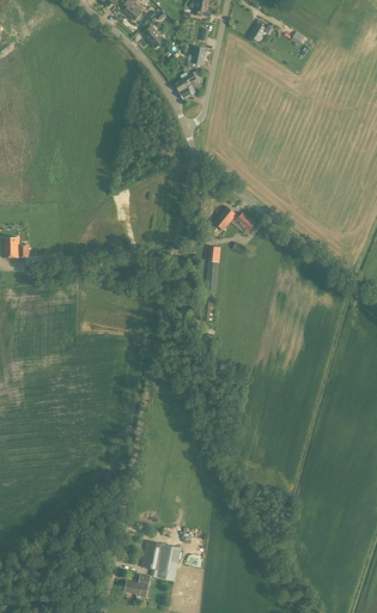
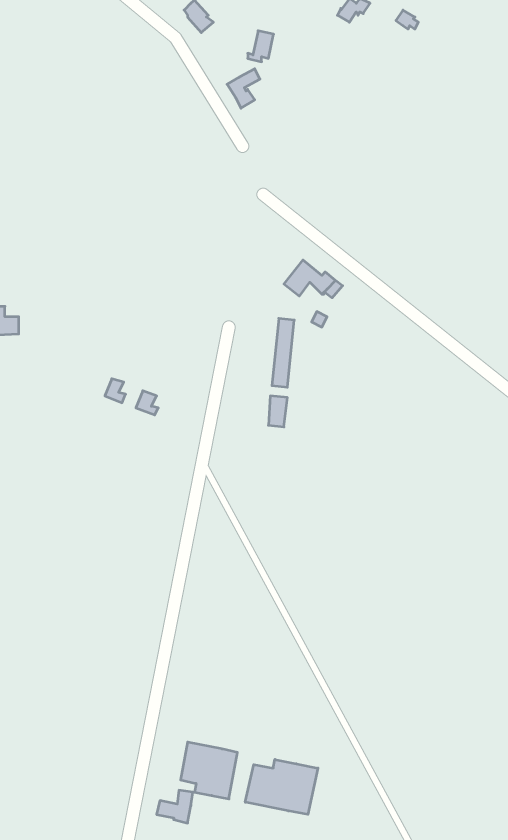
building: none -> [245,759,318,814]

